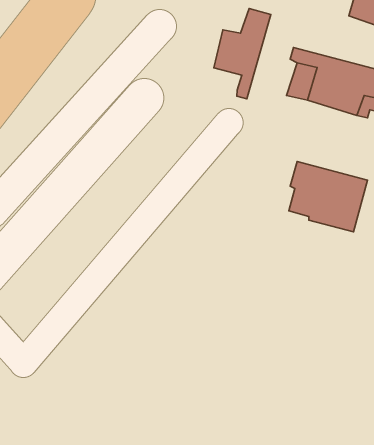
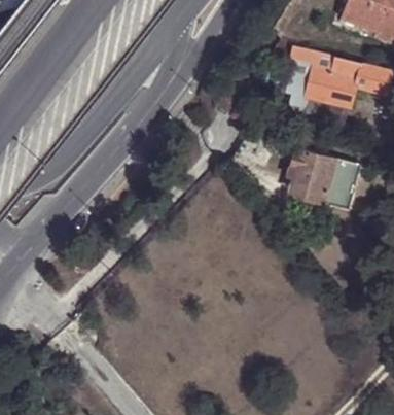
building: [214,8,271,99] -> none

